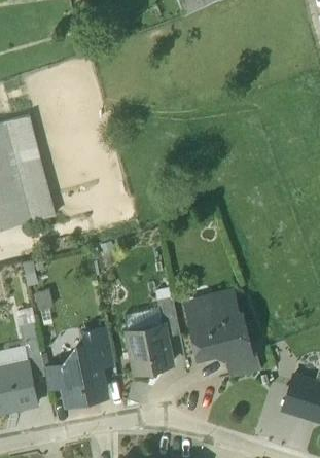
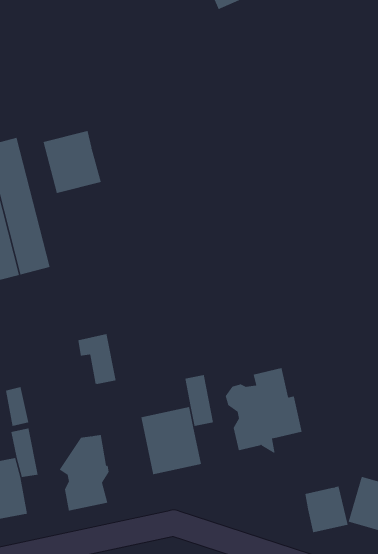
building: none -> [43,130,102,194]
building: [84,327,114,367] -> [78,333,116,386]
building: [225,341,259,377] -> [304,486,349,533]

